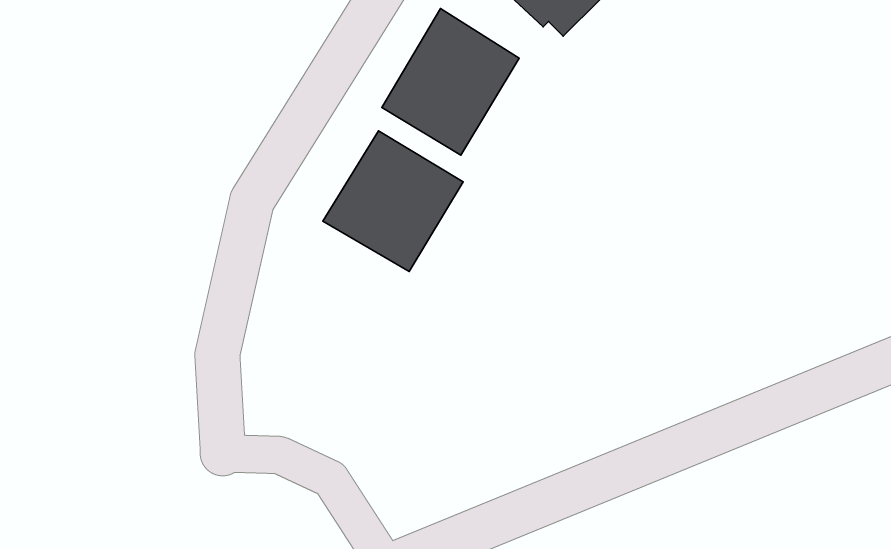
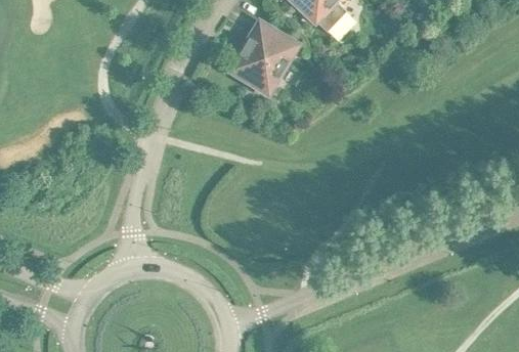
building: [323,131,463,271] -> none

